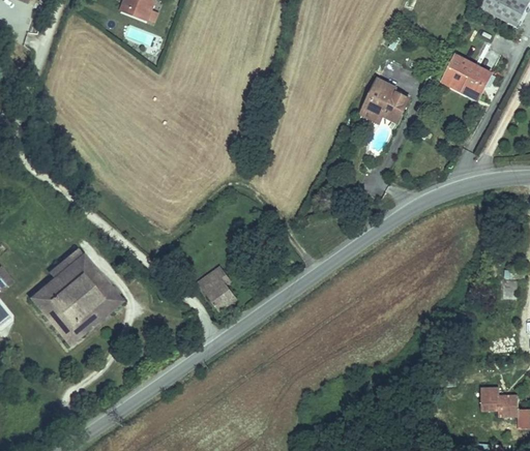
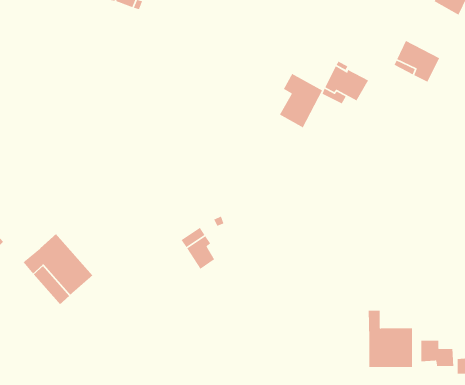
building: none -> [279,73,323,128]
building: [40,246,120,312] -> none
building: none -> [368,310,413,368]

